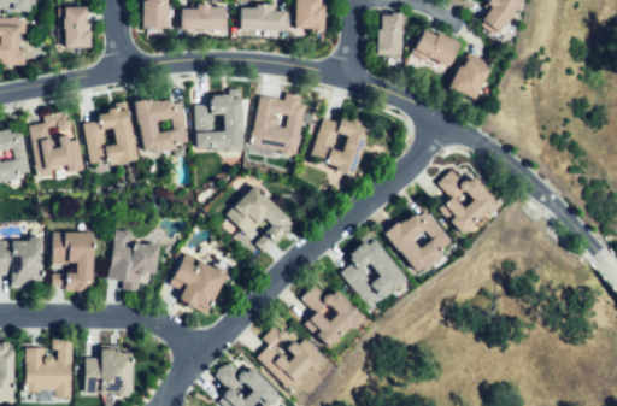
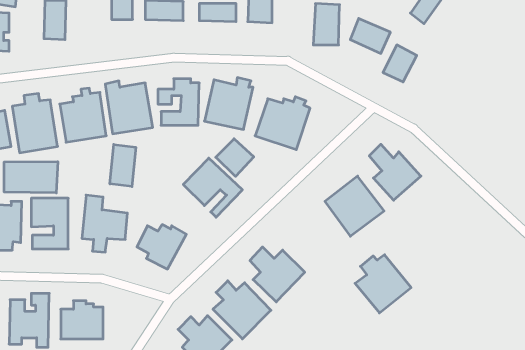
building: none -> [216,139,254,176]
building: none -> [110,144,136,187]
building: none -> [4,162,58,193]
building: [343,240,407,306] -> [355,255,411,313]

